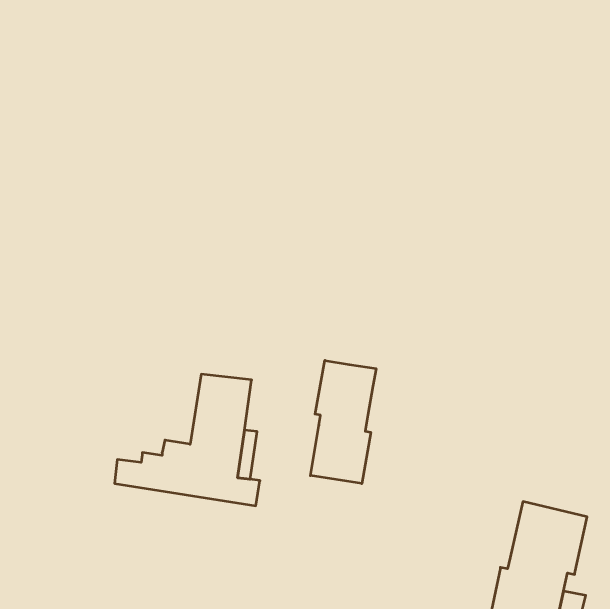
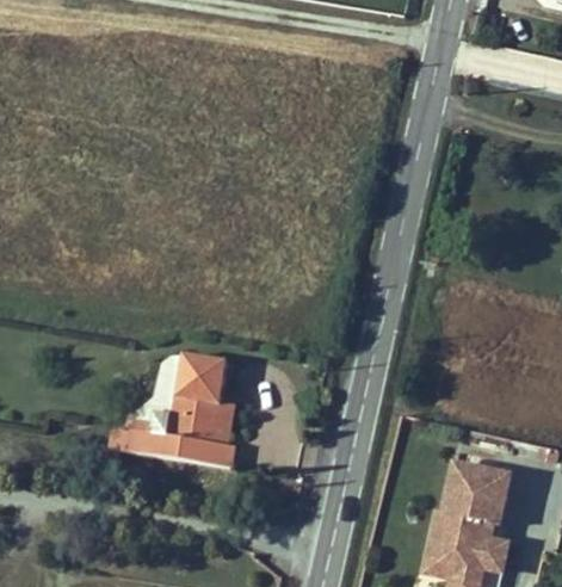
building: [310,360,376,484] -> none

